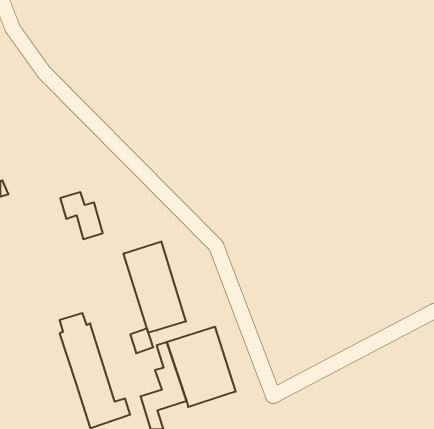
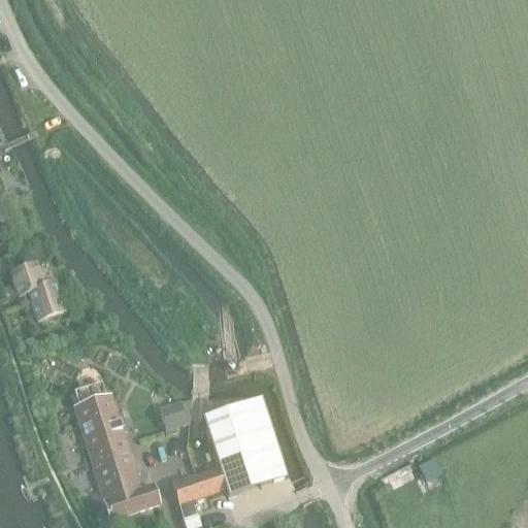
building: [60,192,103,239] -> [9,263,61,320]
building: [124,241,186,333] -> none

